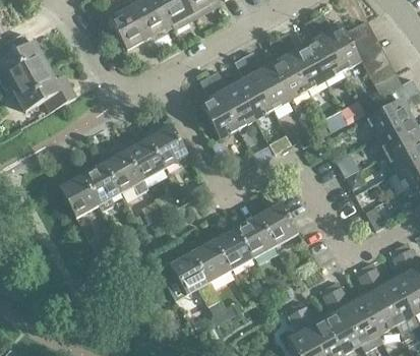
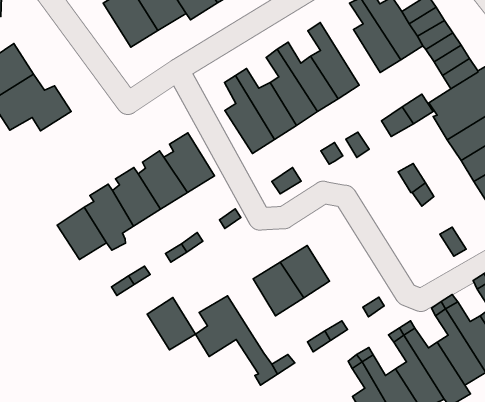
building: [280,34,325,90] -> none
building: [259,202,299,245] -> none
building: [193,240,231,282] -> [147,297,195,350]

